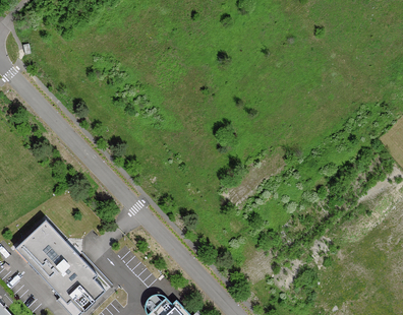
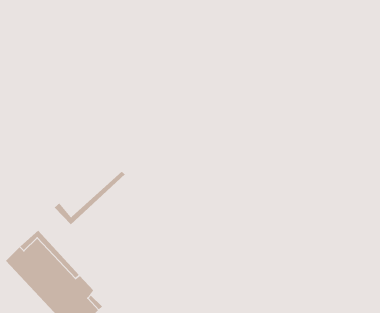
building: none -> [54,171,126,225]

